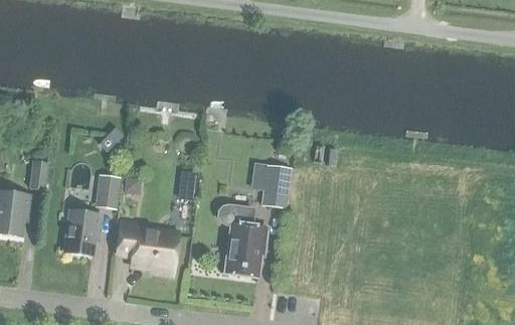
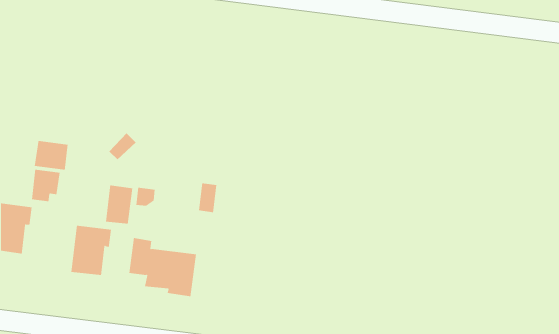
building: none -> [34,140,68,171]
building: [261,163,292,208] -> none
building: [217,203,265,276] -> none

